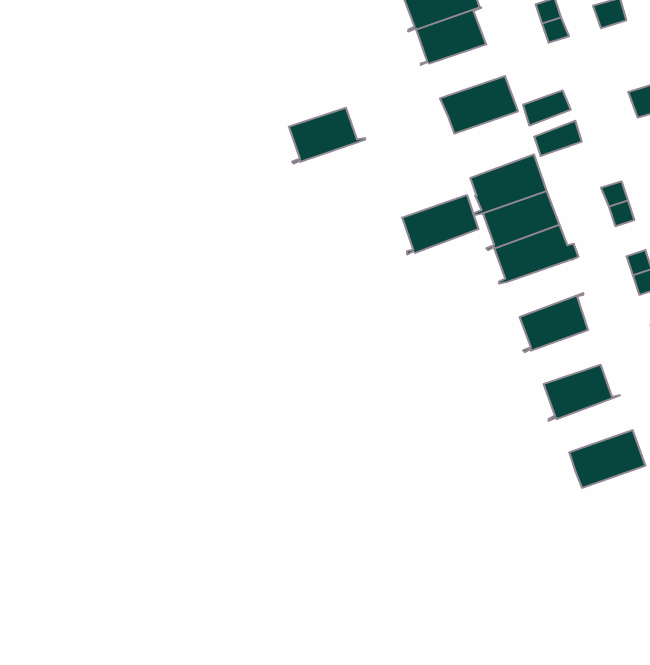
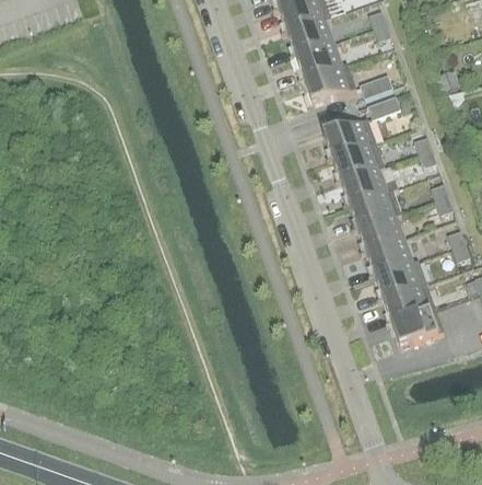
building: [289,108,365,164] -> [295,42,348,80]
building: [402,195,479,254] -> [349,189,401,230]
building: none -> [365,238,413,277]
building: none -> [383,282,435,324]

